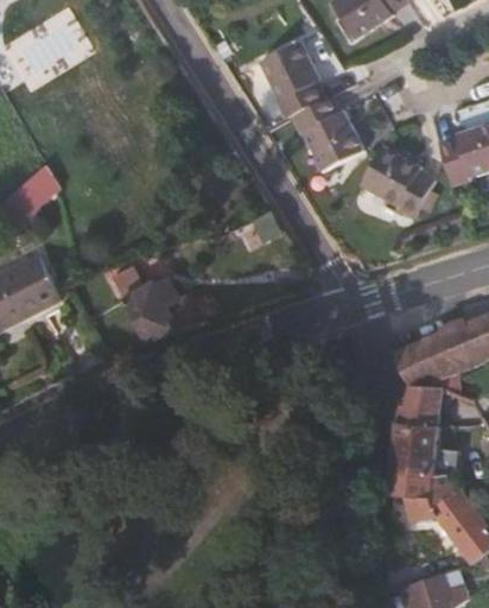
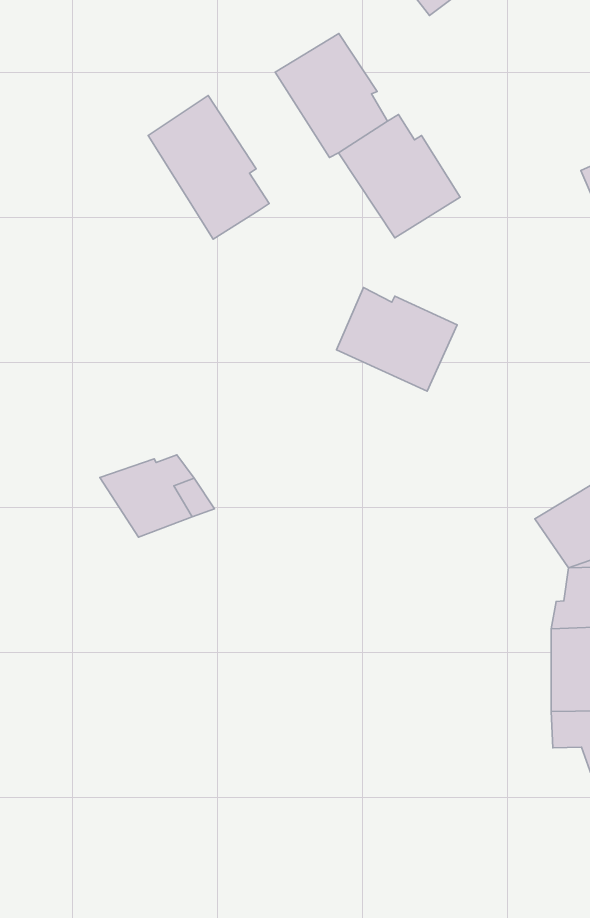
building: none -> [148,96,269,239]
building: [360,147,436,215] -> [337,288,457,391]

